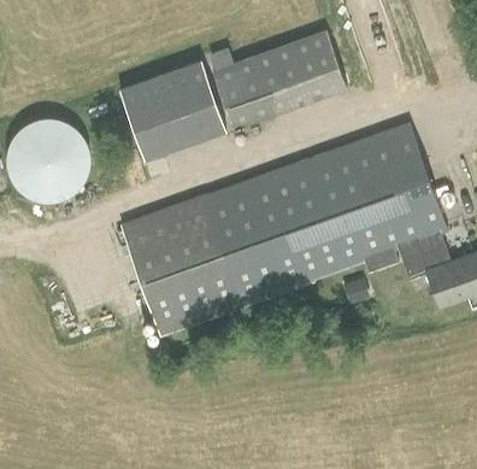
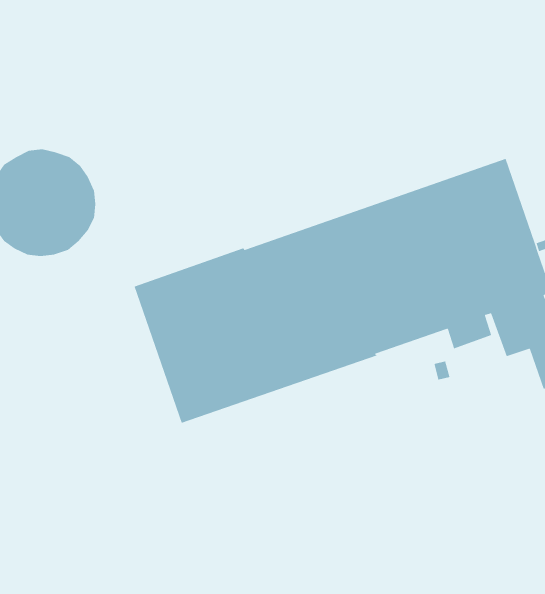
building: [132,29,359,153] -> none

